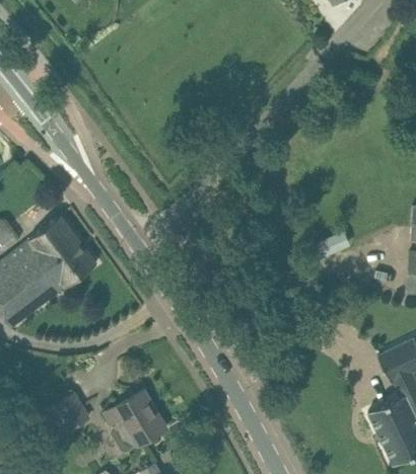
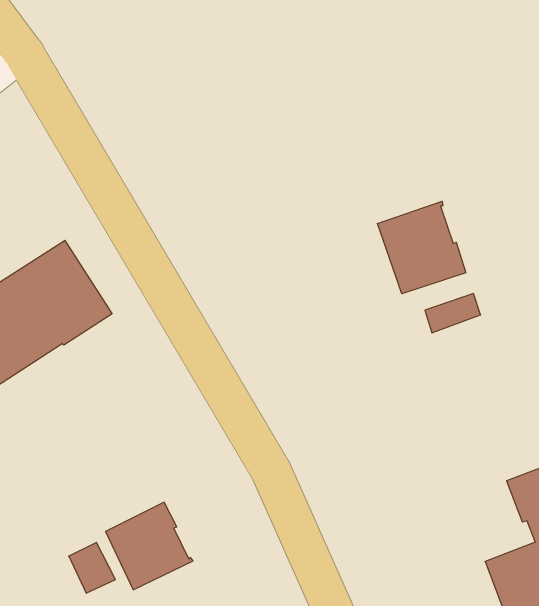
building: none -> [377,201,466,294]
building: [55,394,88,429] -> [69,542,115,593]

